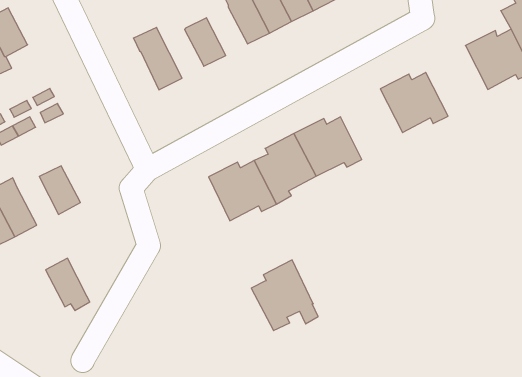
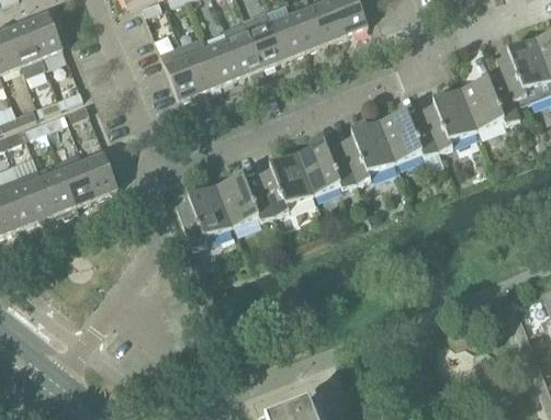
building: none -> [229,31,265,75]
building: none -> [183,34,223,91]
building: none -> [424,87,479,149]
building: none -> [342,118,397,181]
building: none -> [85,151,121,195]
building: [46,258,90,311] -> [43,168,80,216]
building: [251,260,318,331] -> [178,183,236,246]

